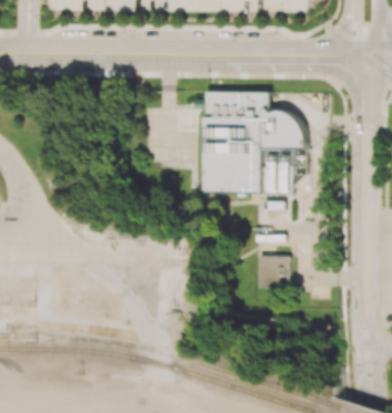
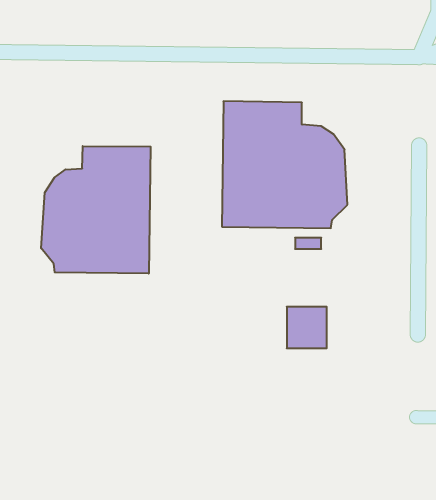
building: none -> [41,146,151,274]

